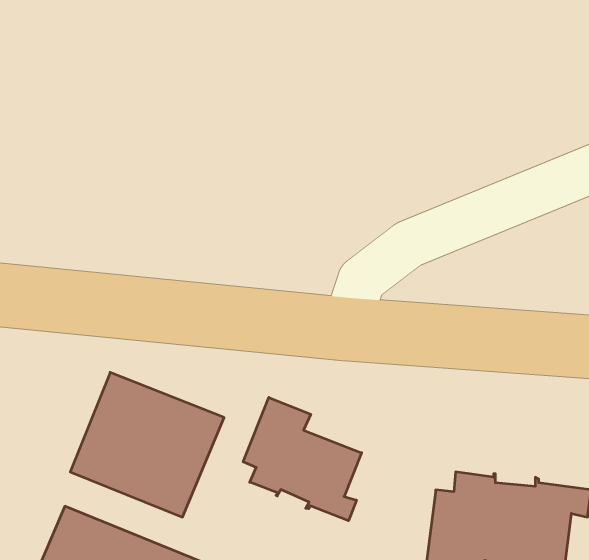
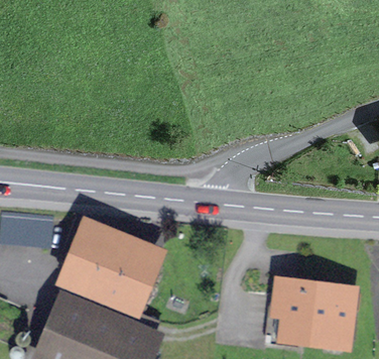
building: [243,397,362,521] -> none

